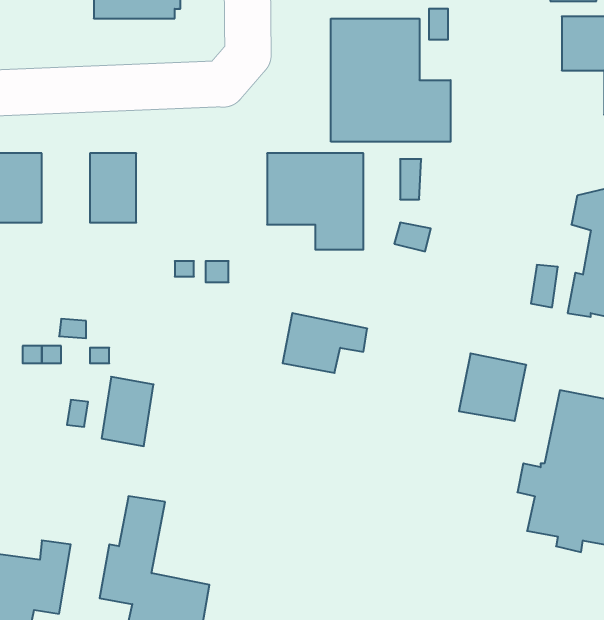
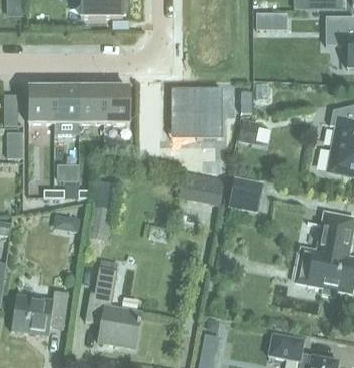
building: [331,19,451,142] -> none
building: none -> [54,87,79,133]
building: none -> [103,87,129,123]
building: [459,353,526,421] -> [228,177,263,213]

